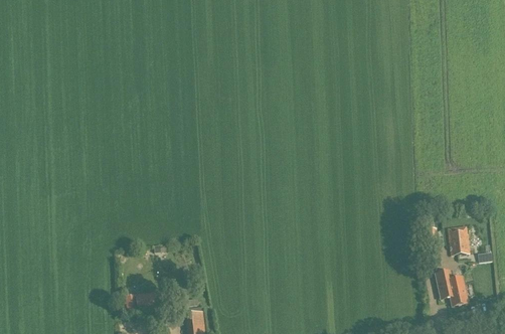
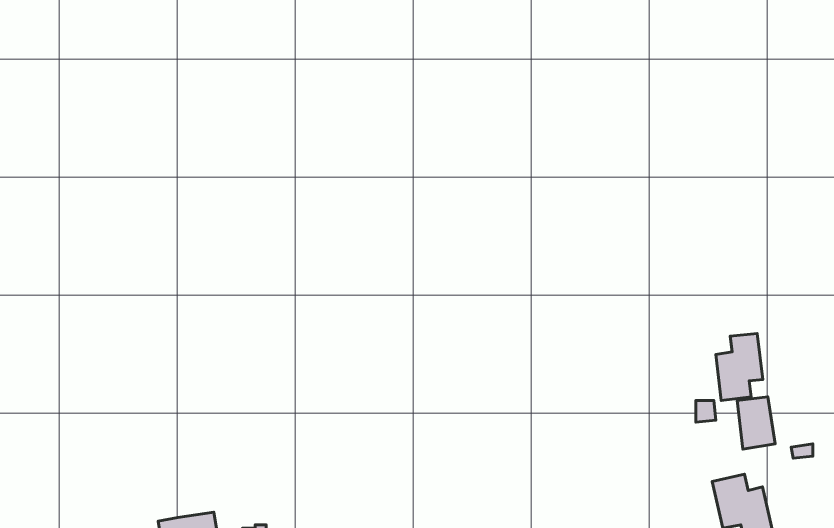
building: none -> [716,333,763,401]

